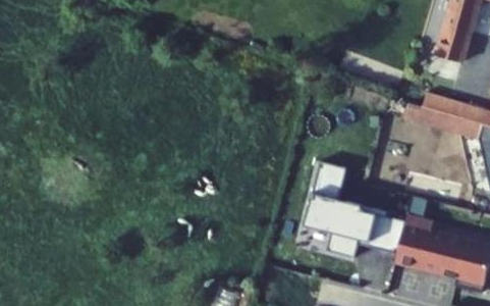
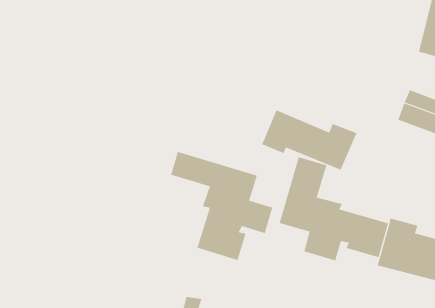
building: none -> [261,110,357,171]
building: none -> [170,151,273,261]

